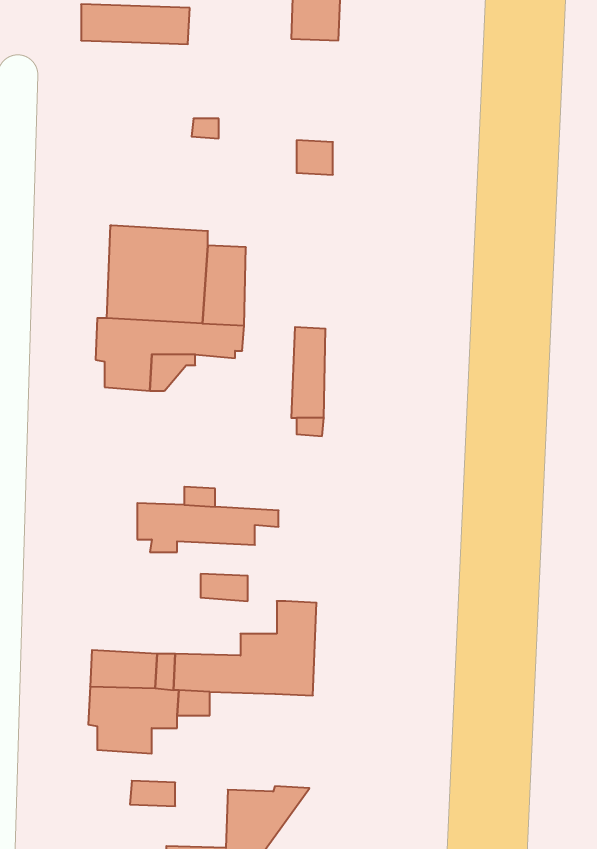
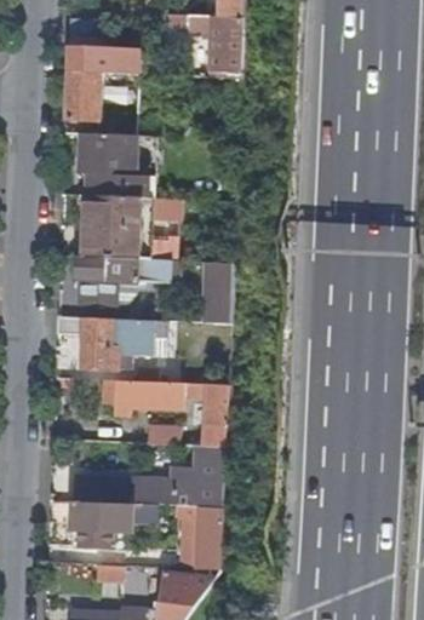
building: none -> [63,70,99,117]
building: none -> [79,132,153,197]
building: none -> [55,315,150,368]
building: none -> [195,384,225,446]
building: none -> [183,506,220,569]

